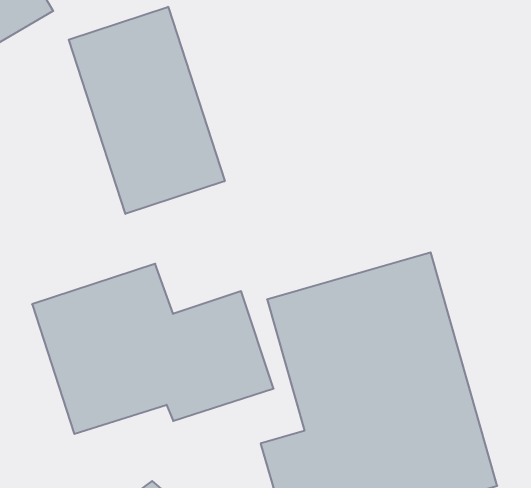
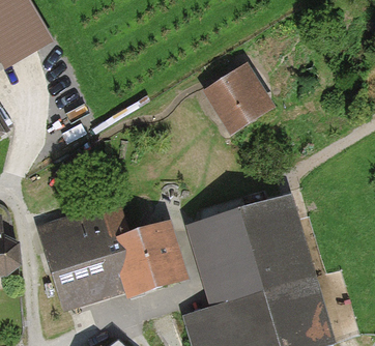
building: [69,7,225,214] -> none
building: none -> [204,66,275,136]

